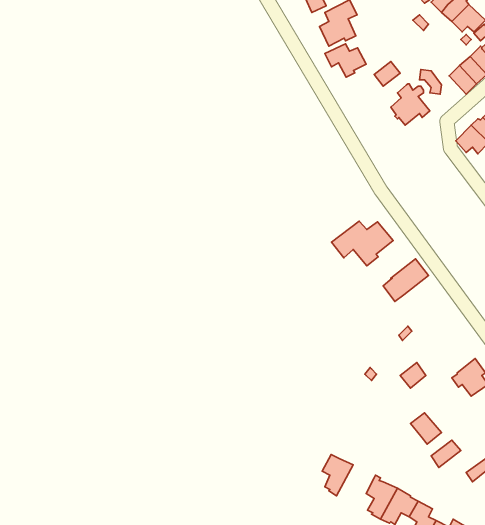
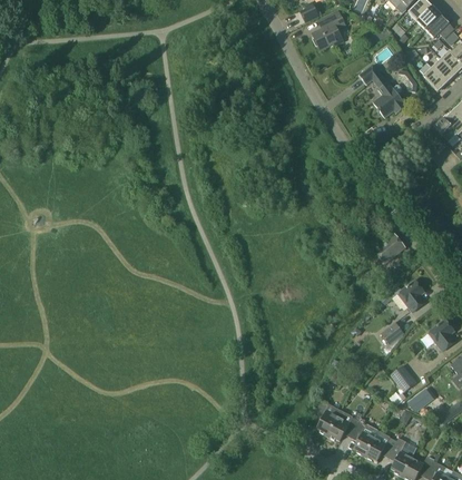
building: [325,44,366,77] -> none
building: [332,221,393,266] -> none
building: none -> [397,280,426,312]
building: none -> [326,410,362,441]

